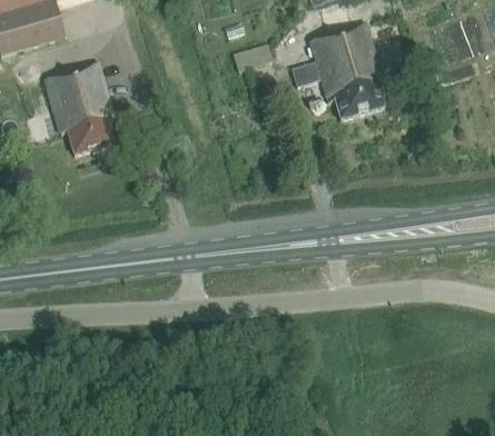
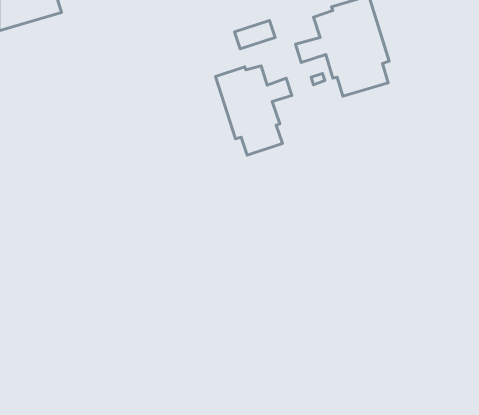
building: [44,61,112,155] -> none
building: none -> [216,66,292,155]

